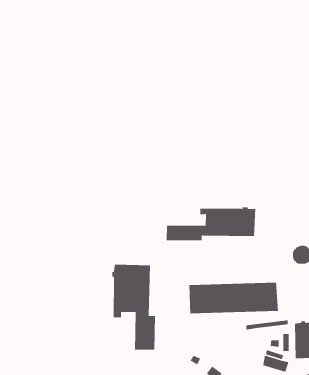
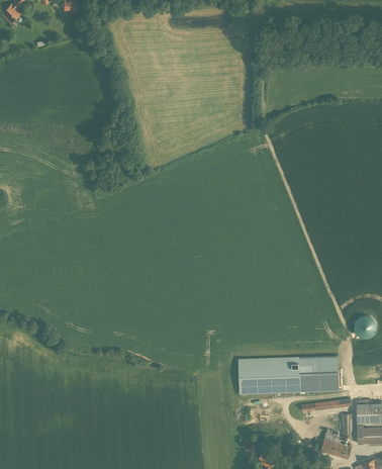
building: [166,207,256,241] -> none
building: [111,264,156,350] -> none

